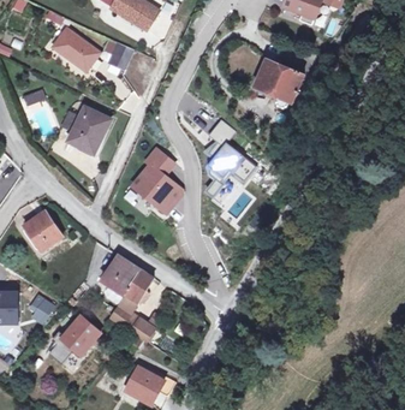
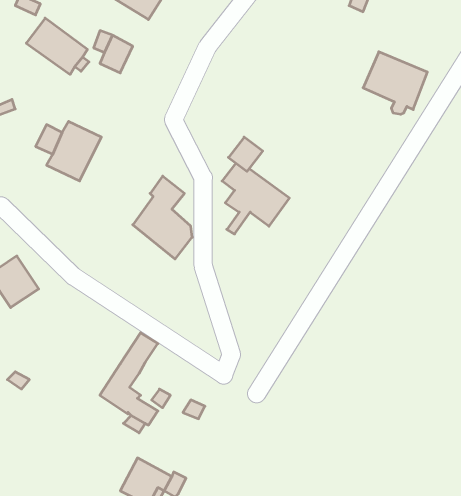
building: [254,59,303,107] -> [363,52,427,114]
building: [102,255,139,293] -> none
building: [61,316,105,353] -> none

